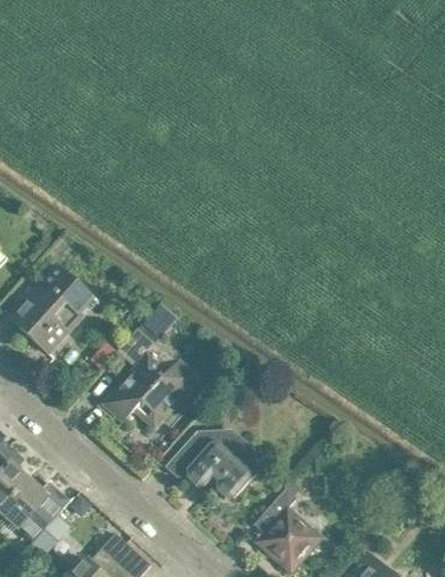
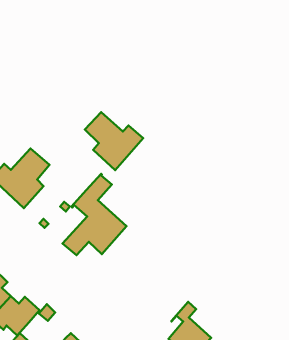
building: none -> [85,112,143,170]
building: [166,431,254,498] -> none

